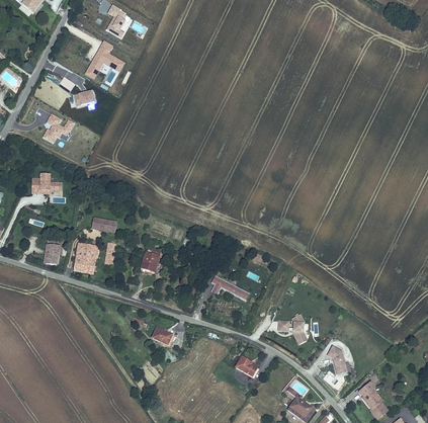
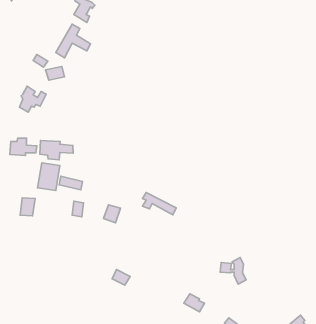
building: none -> [40,140,73,160]
building: [73,242,99,274] -> [37,163,60,191]
building: [210,274,250,301] -> [143,192,176,215]
building: [326,345,349,376] -> none

